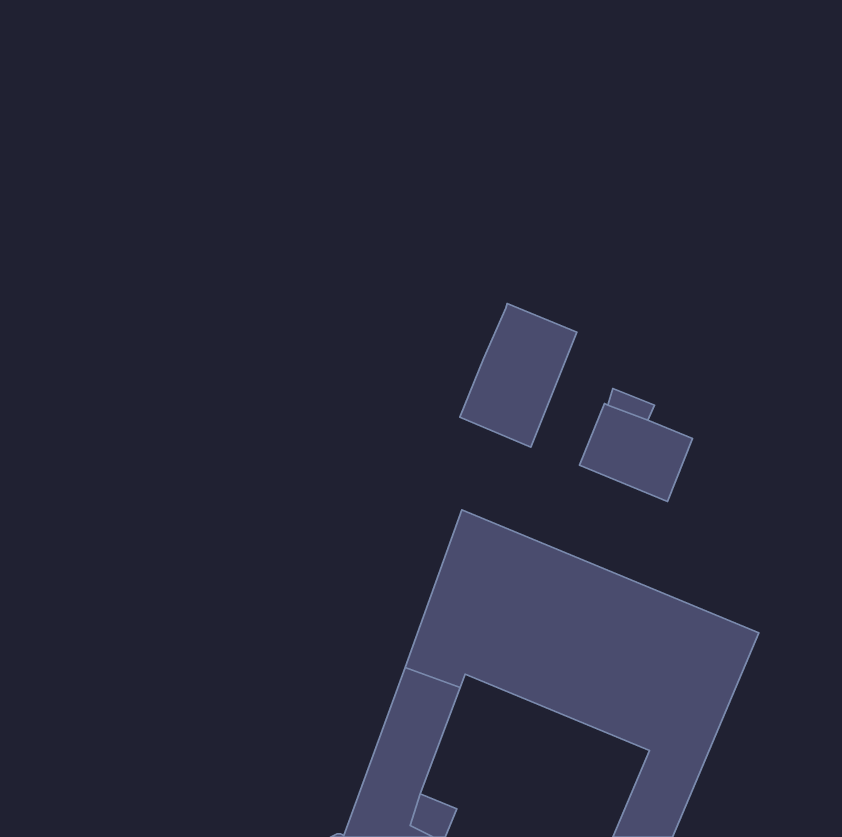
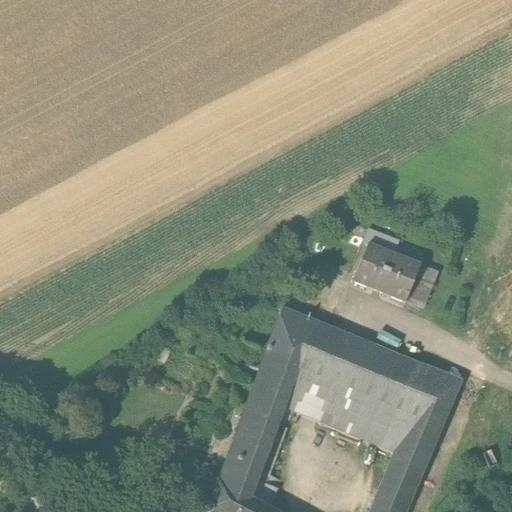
building: [460,304,577,447] -> none
building: none -> [406,264,438,308]

